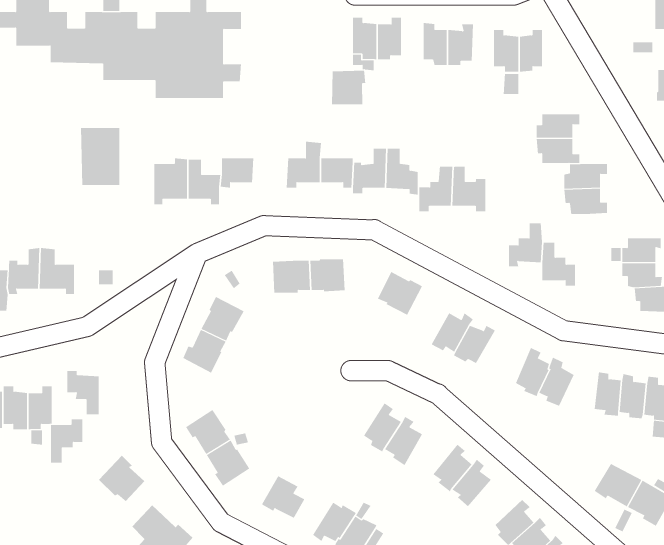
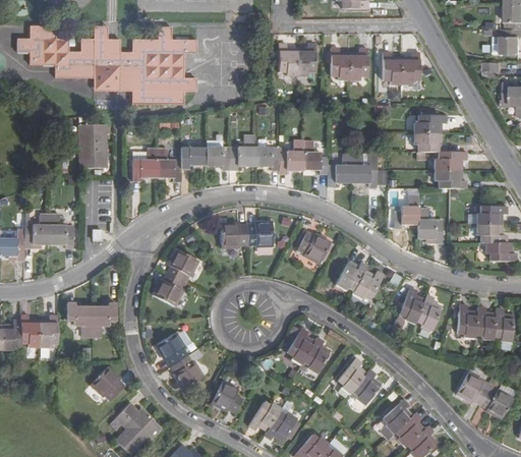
building: [331,70,366,105] -> none
building: none -> [205,148,230,170]
building: [50,419,83,463] -> [92,304,116,337]

